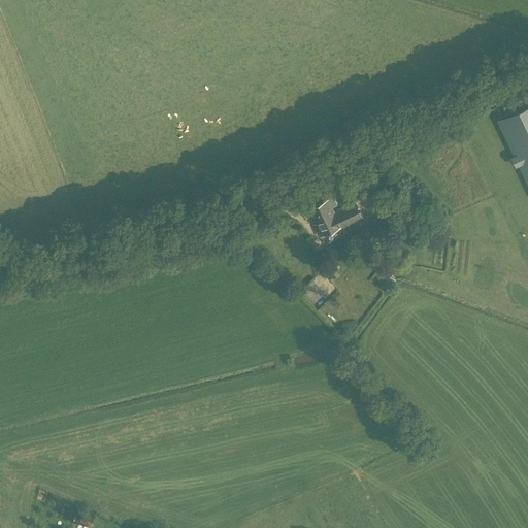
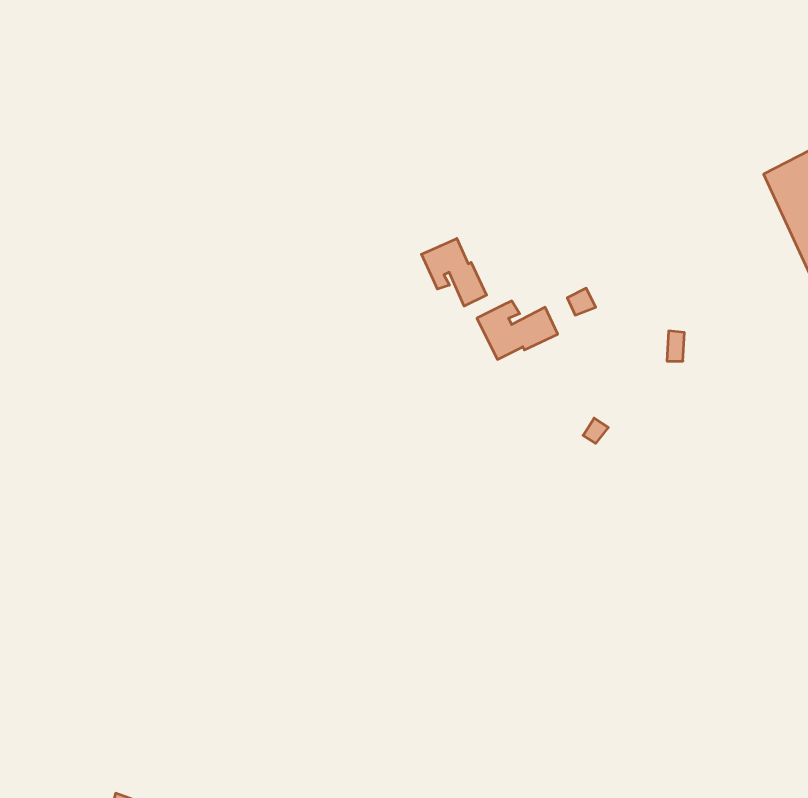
building: none -> [421,238,487,306]

